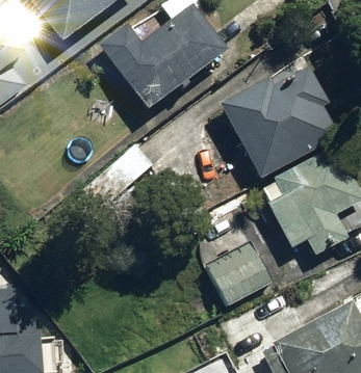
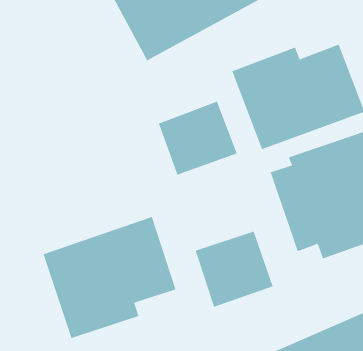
building: none -> [158,101,237,176]
building: none -> [43,216,176,339]

